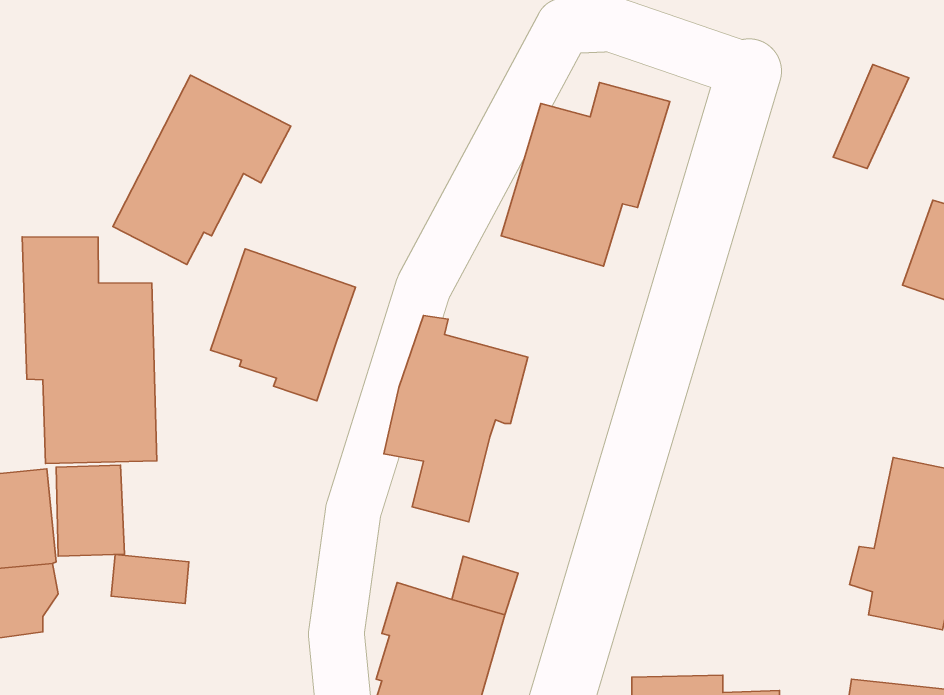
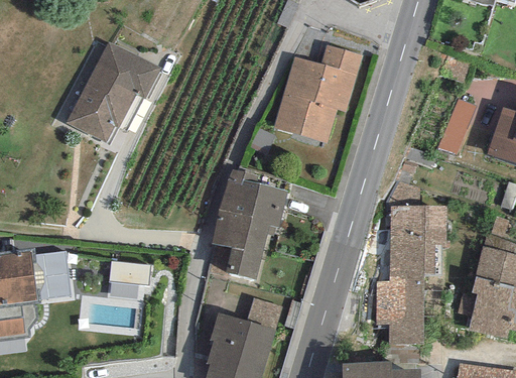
building: [833,65,909,169] -> [437,99,478,154]
building: [22,237,157,464] -> none
building: [211,249,355,401] -> none
building: none -> [376,206,446,345]
building: [111,554,189,604] -> [109,260,150,286]

